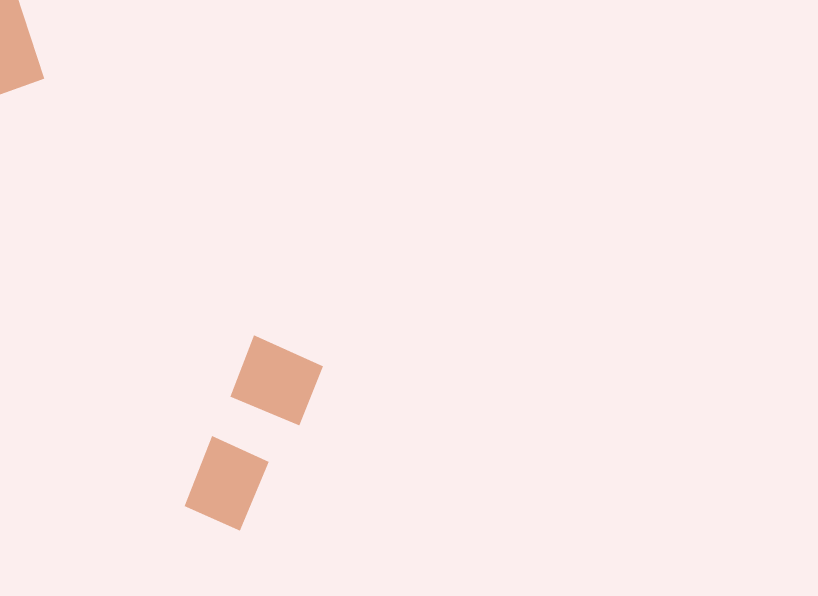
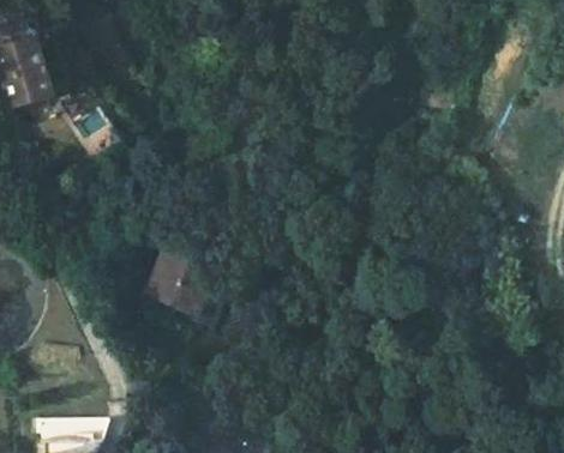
building: [184,435,270,531] -> none

